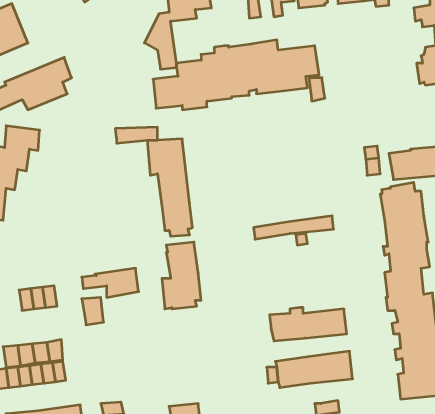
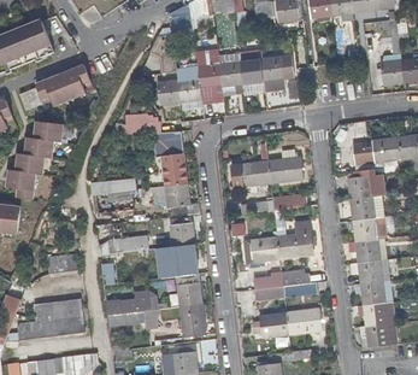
building: none -> [234,147,304,186]
building: none -> [90,176,146,204]
building: none -> [243,219,313,262]
building: none -> [176,273,206,336]
building: none -> [106,291,158,326]

